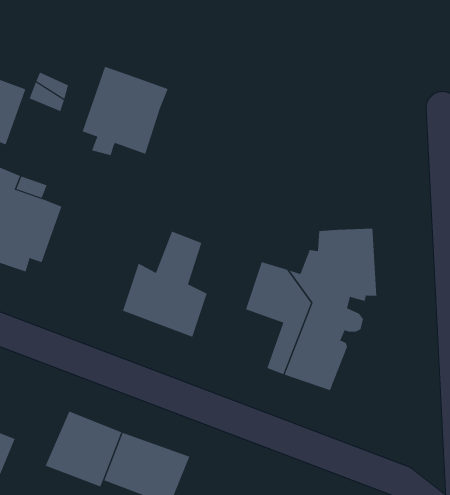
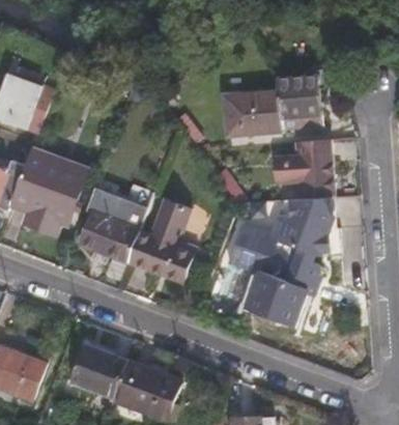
building: [82,66,169,156] -> [81,193,148,262]
building: none -> [225,76,321,136]
building: none -> [268,144,332,200]

